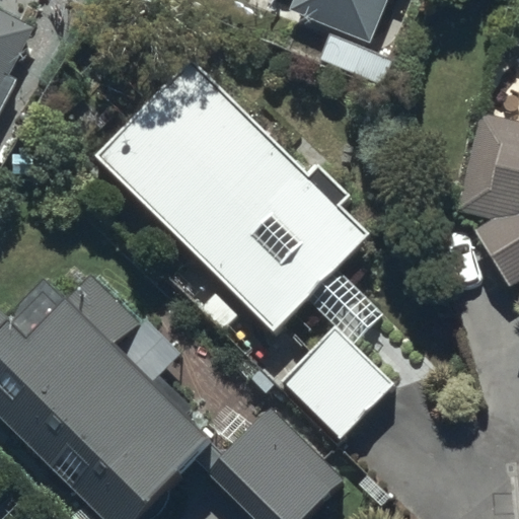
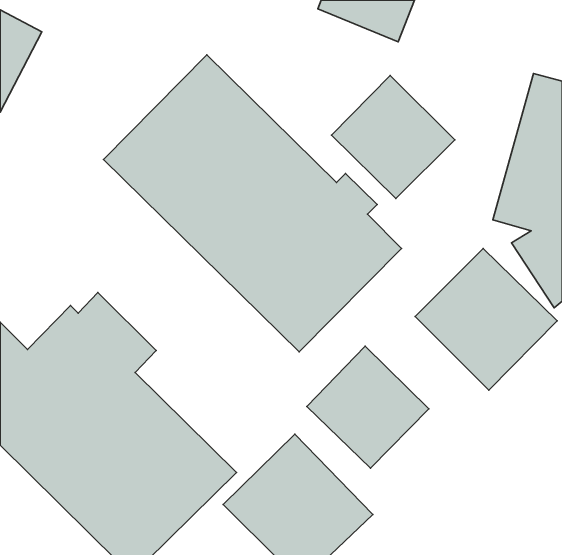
building: none -> [331,75,455,199]
building: none -> [415,248,557,390]

